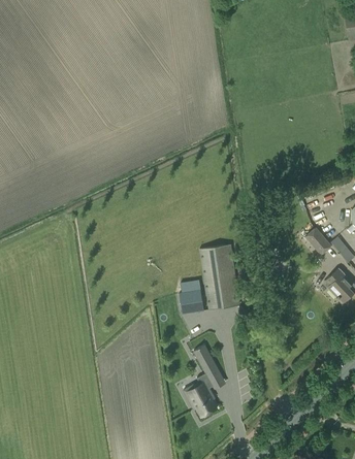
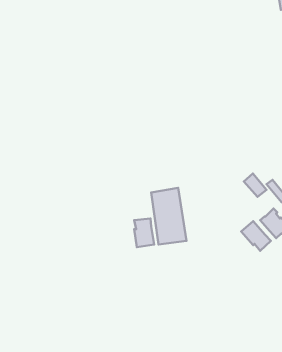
building: none -> [241,221,271,251]
building: [187,343,219,416] -> none

